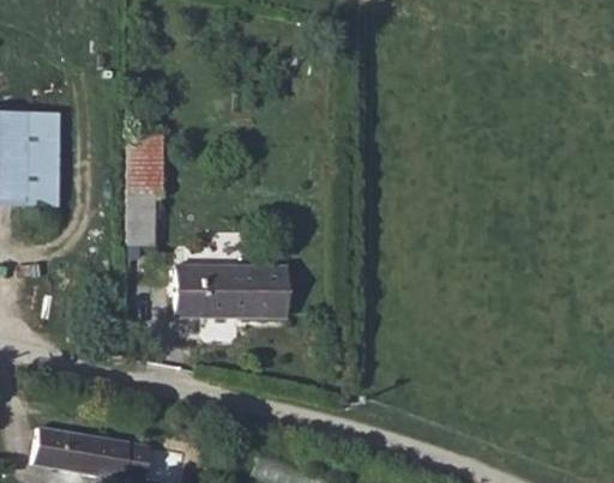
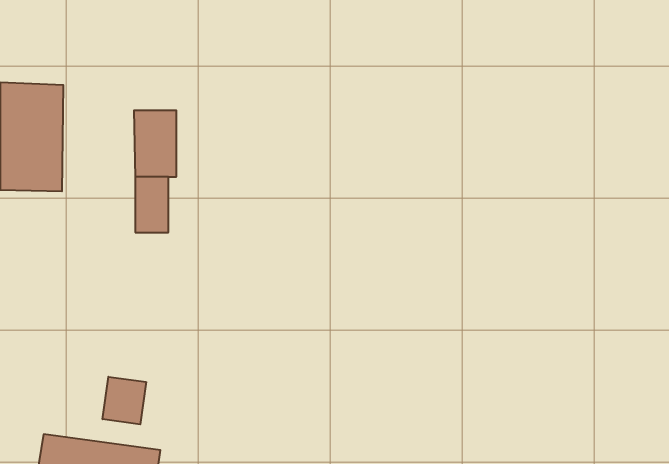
building: [175,265,287,319] -> none
building: none -> [103,377,146,424]

